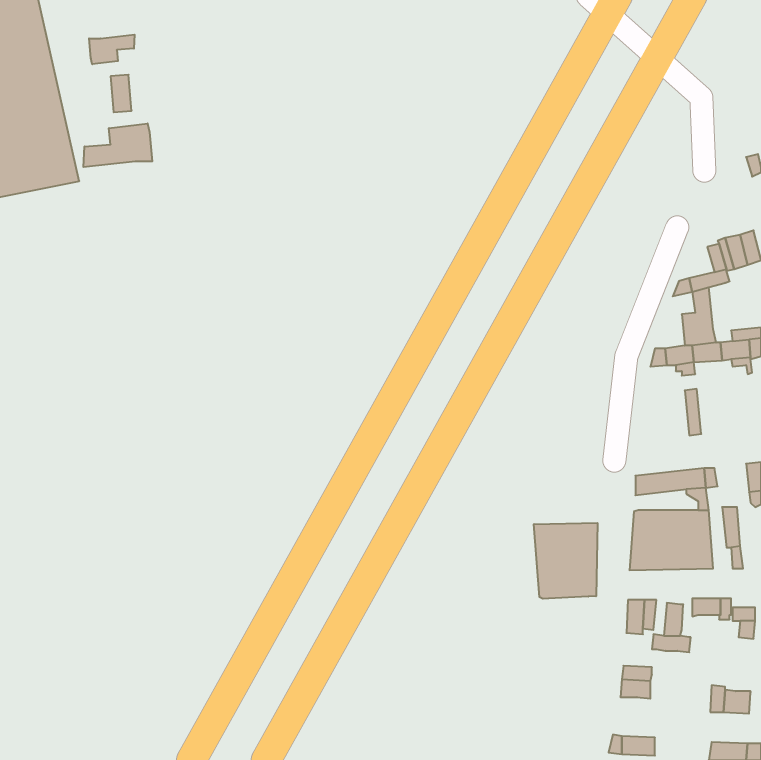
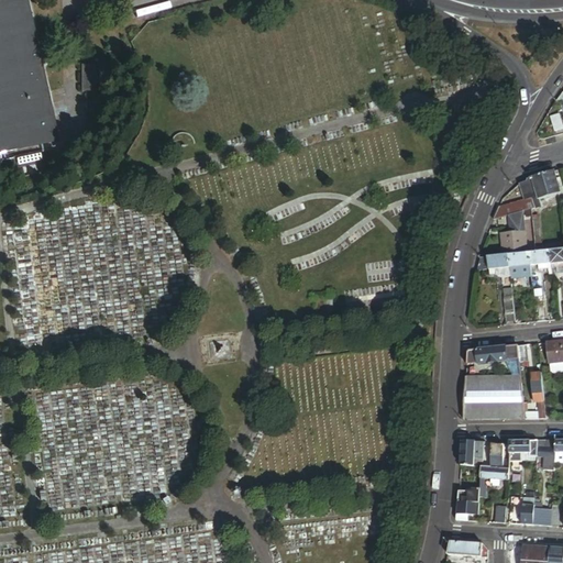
building: [89,35,135,64] -> none
building: [83,123,152,167] -> none
building: [534,523,597,599] -> none

